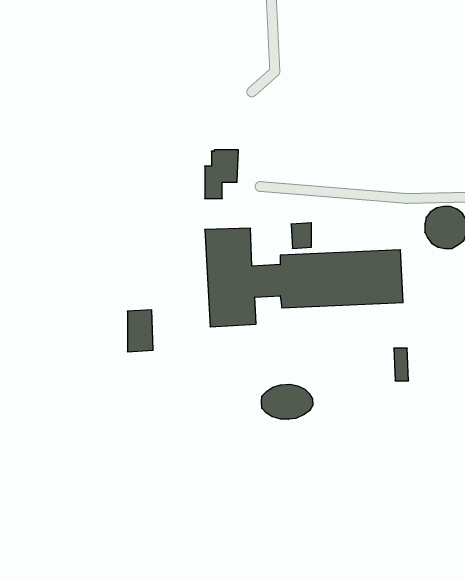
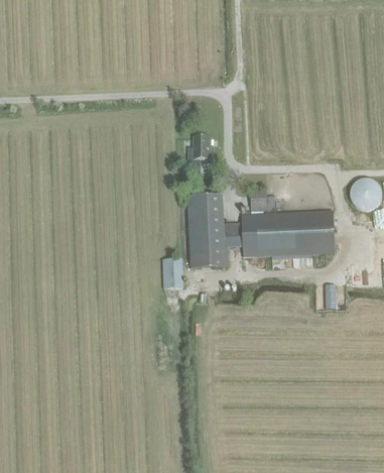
building: [127,310,153,352] -> [164,258,183,289]
building: [261,384,313,419] -> none

